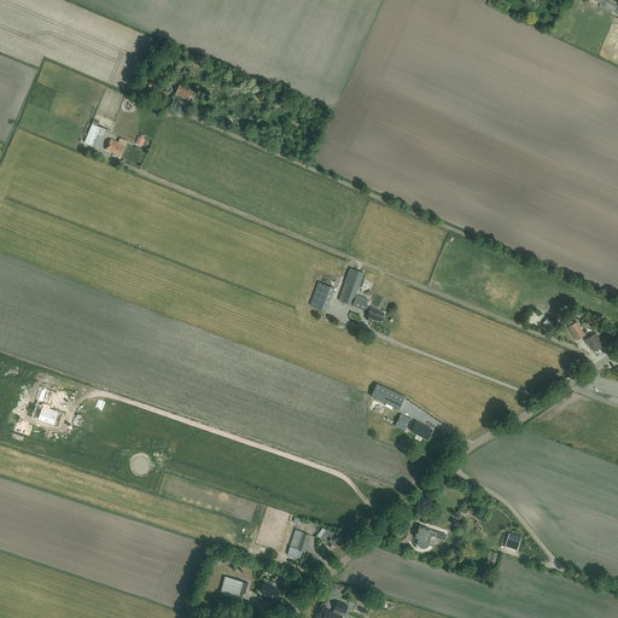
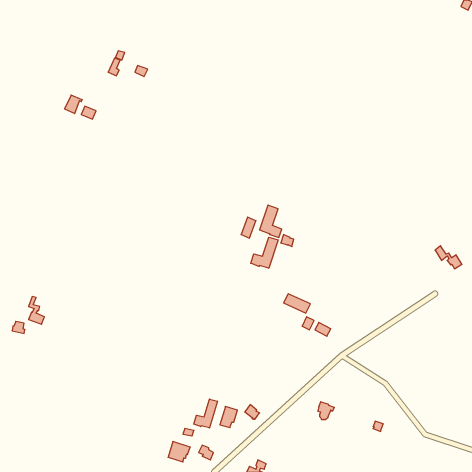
building: none -> [251,237,278,268]
building: none -> [194,399,218,428]

